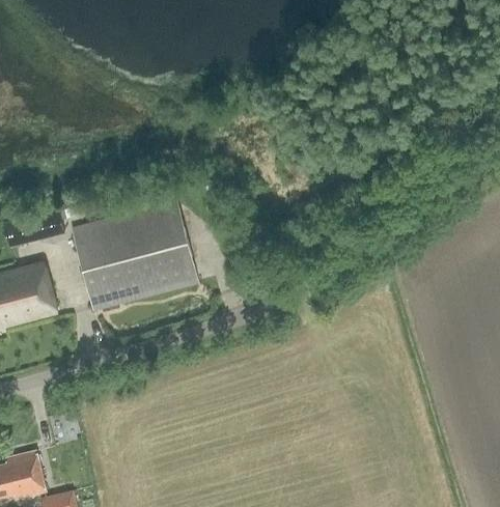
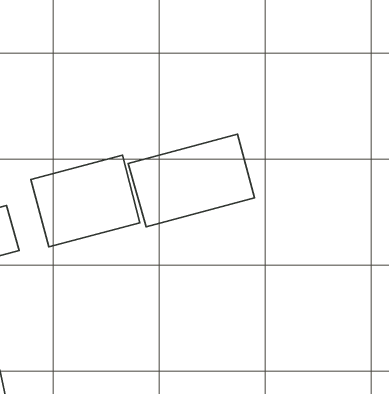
building: none -> [128,134,254,227]

